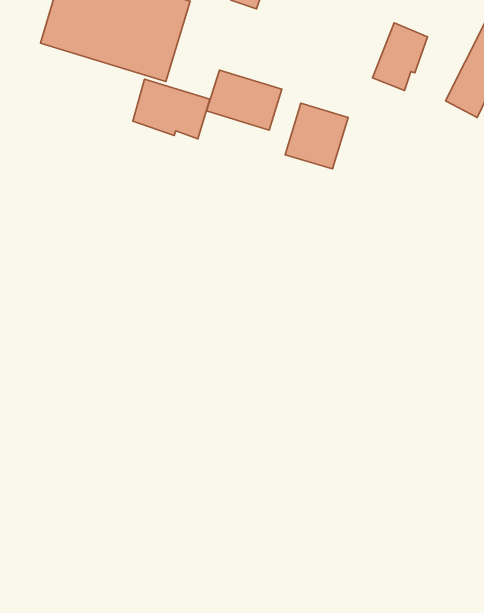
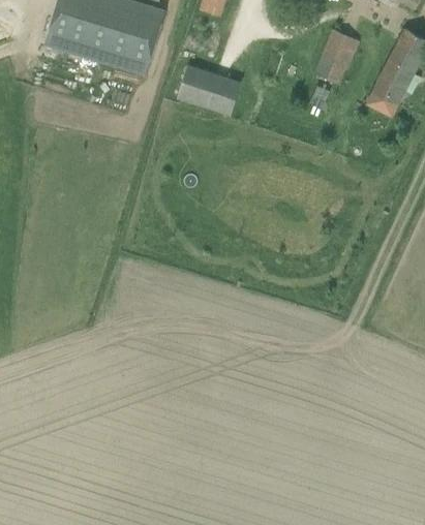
building: [133,79,210,139] -> none
building: [285,103,348,169] -> none

